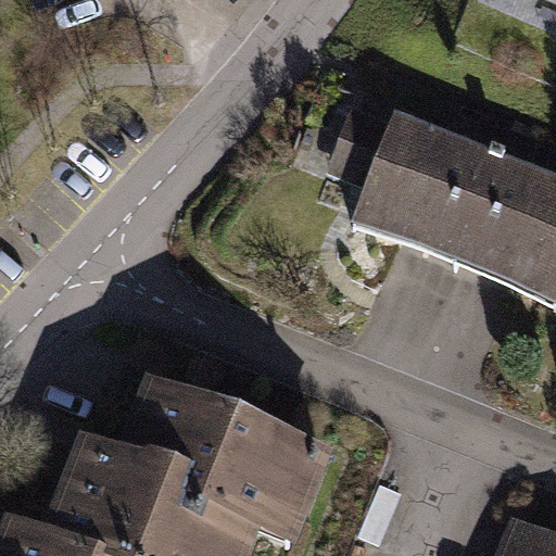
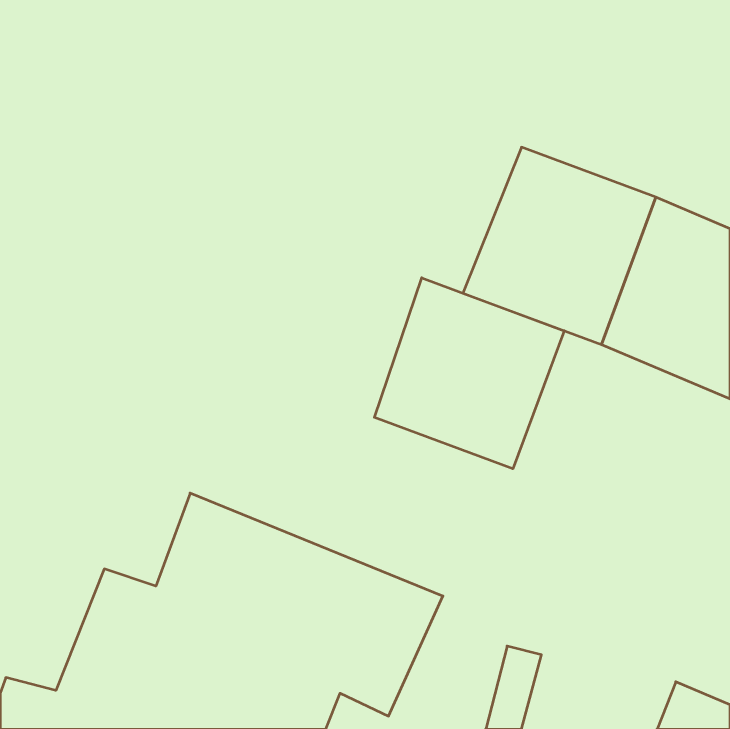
building: none -> [374,278,564,469]

